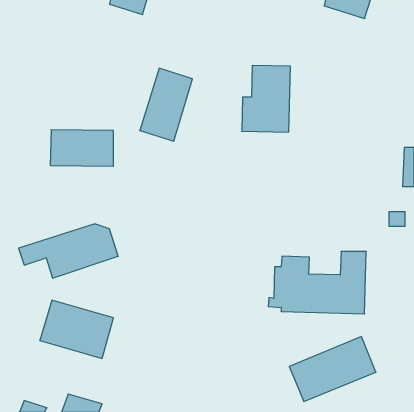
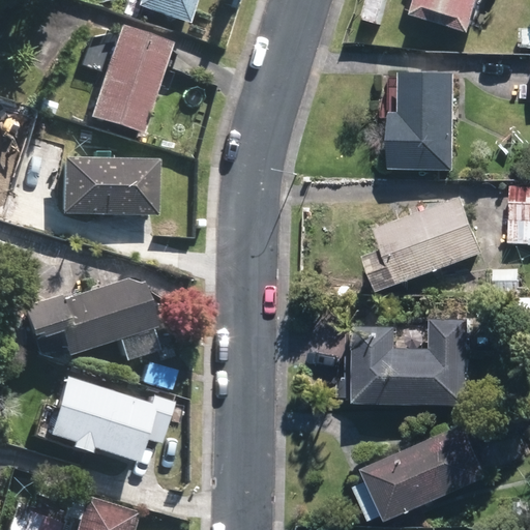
building: [242,66,290,132] -> [391,75,453,159]
building: [140,68,192,141] -> [94,35,161,128]
building: none -> [371,203,479,287]

